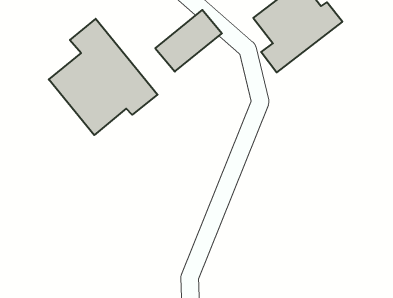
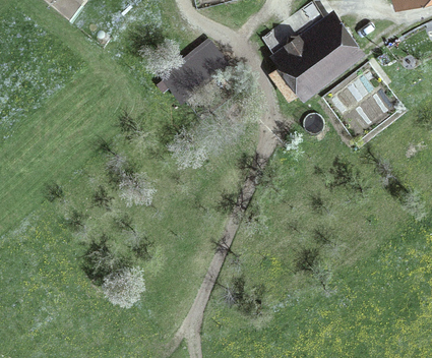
building: [49,19,158,135] -> none

